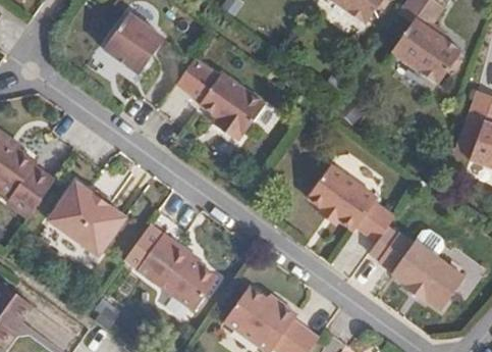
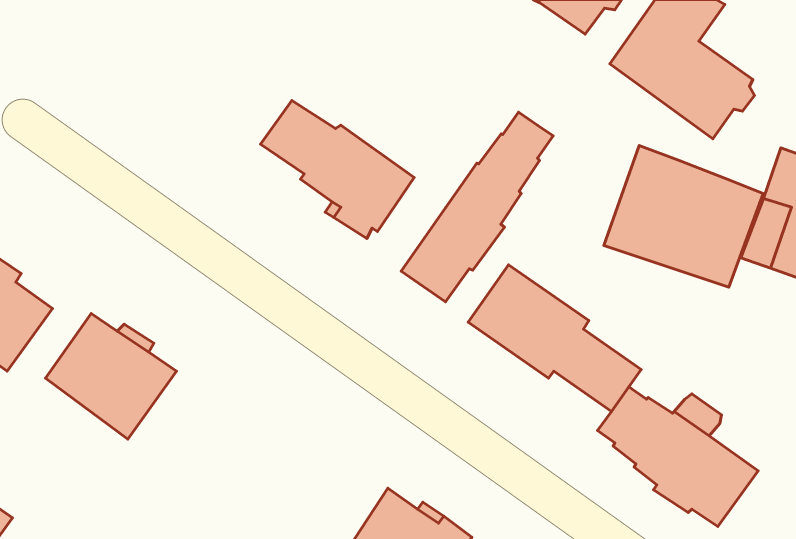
building: [102,13,163,74] -> none
building: none -> [401,112,553,302]
building: none -> [604,146,763,287]
building: [136,233,217,309] -> none

